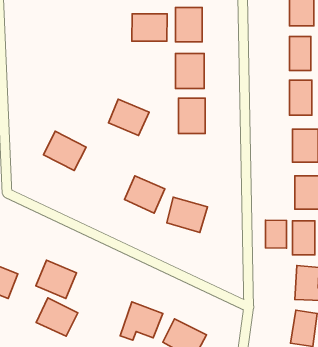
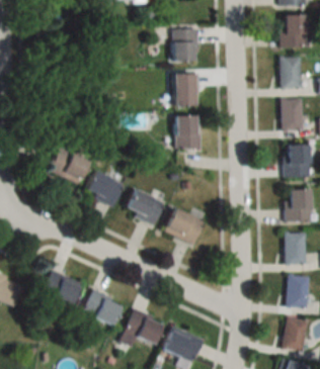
building: [132,14,167,41] -> none
building: [109,99,149,136] -> [84,171,123,205]
building: [266,220,287,248] -> none
building: [36,298,78,336] -> [82,287,122,324]

